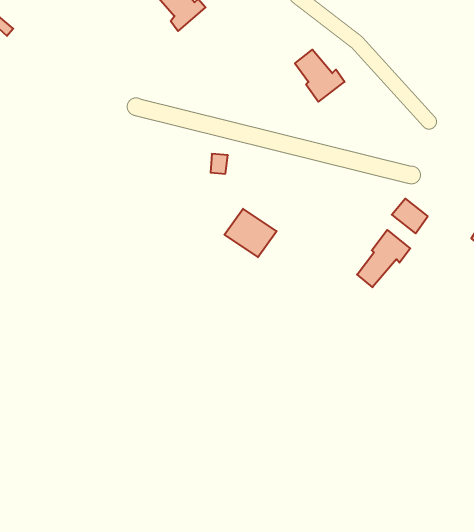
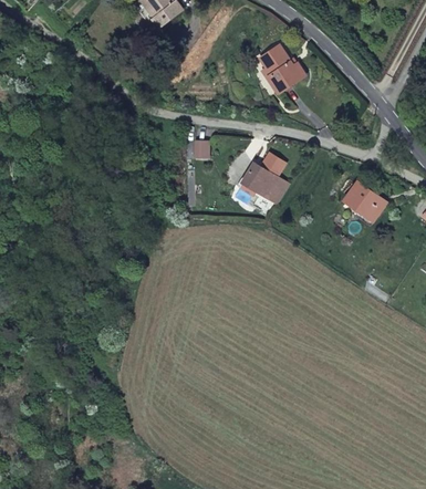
building: [224,209,277,257] -> [246,157,292,200]
building: [357,230,410,287] -> none

